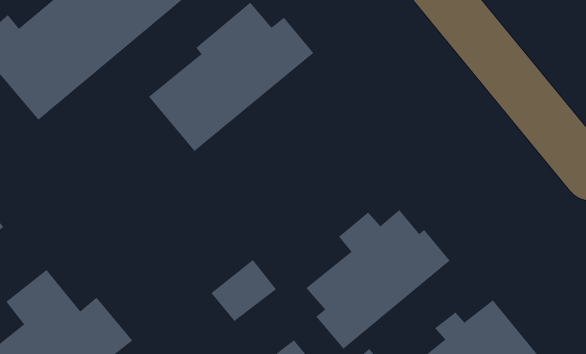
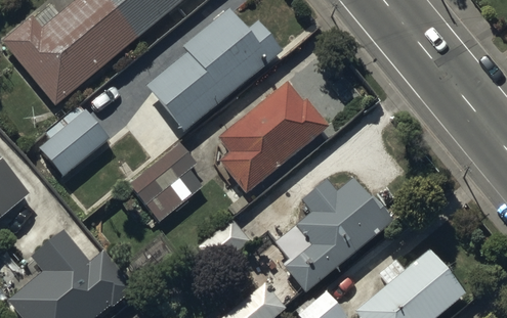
building: none -> [217,74,334,194]
building: none -> [40,104,110,176]
building: none -> [129,142,204,222]

